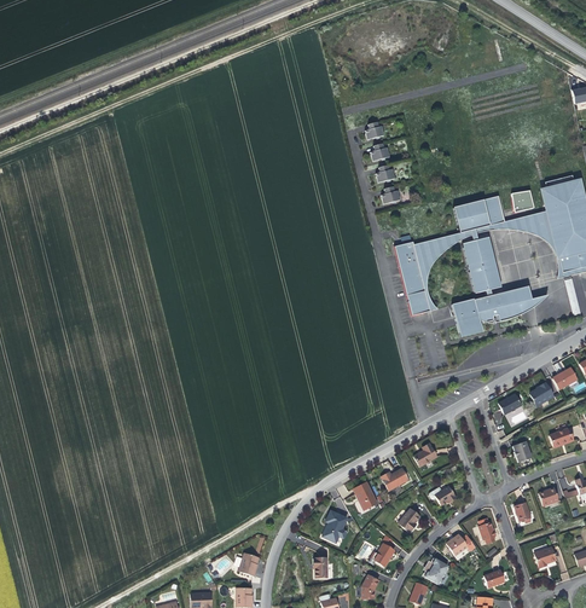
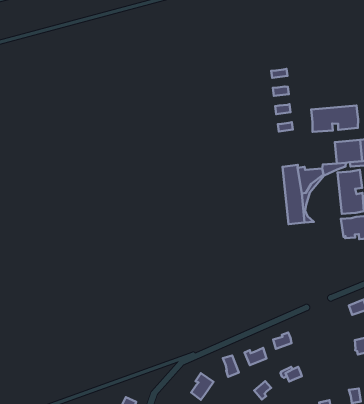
building: none -> [311,105,358,132]
building: [452,297,482,334] -> none

